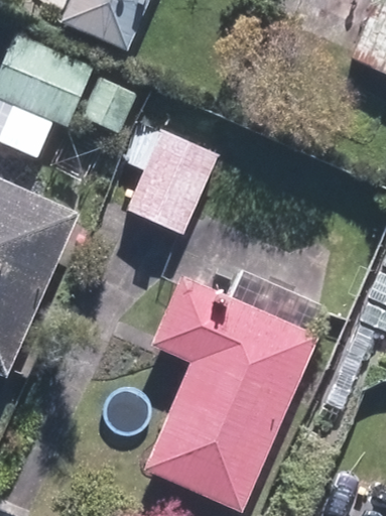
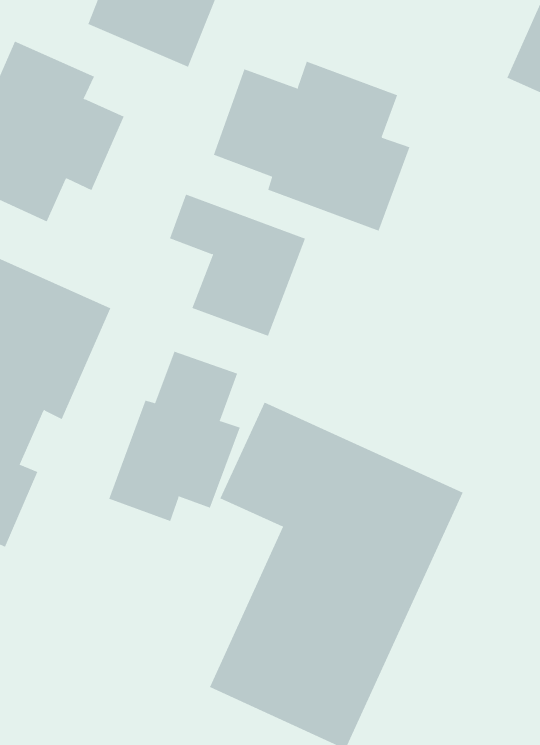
building: none -> [213,61,410,231]
building: none -> [108,351,240,522]

